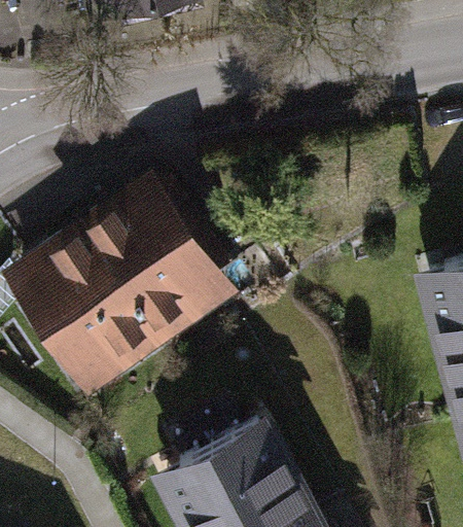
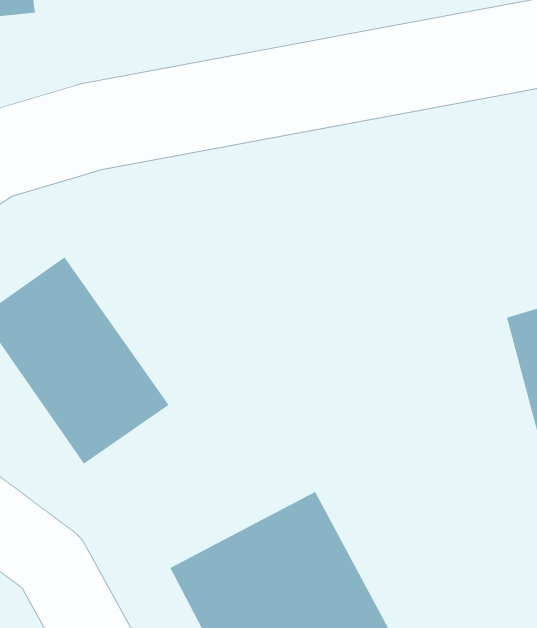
building: [74,180,229,347] -> none

